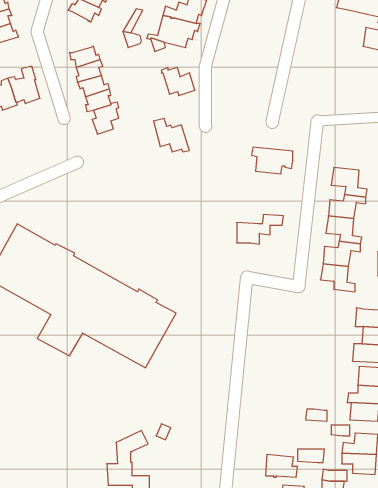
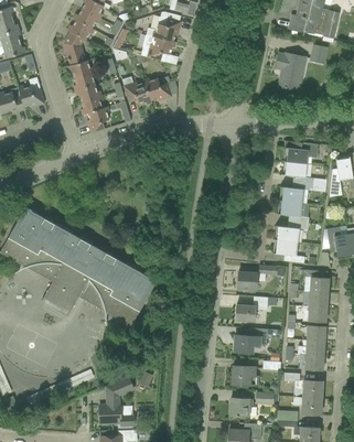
building: none -> [64,31,86,65]
building: none -> [276,52,307,89]
building: [153,118,189,152] -> [122,76,152,104]
building: [252,147,293,174] -> [283,140,318,162]
building: [237,215,283,244] -> [238,265,277,289]
building: none -> [236,295,277,321]
building: none -> [234,327,282,352]
building: none -> [232,365,259,385]

